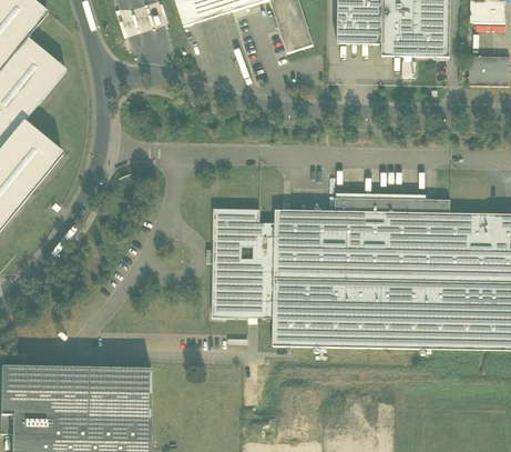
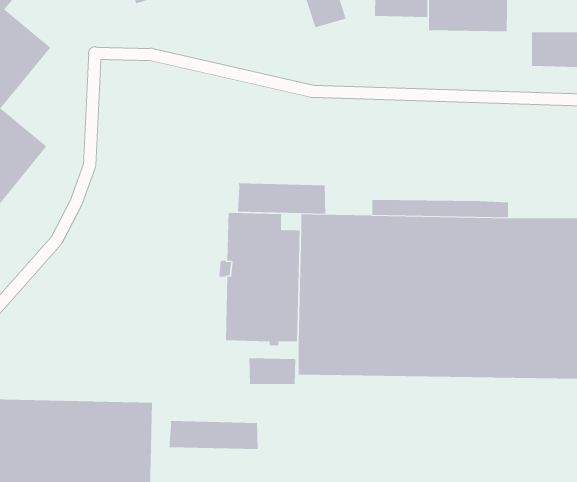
building: none -> [237,182,326,214]
building: none -> [249,358,296,385]
building: none -> [169,420,258,450]

